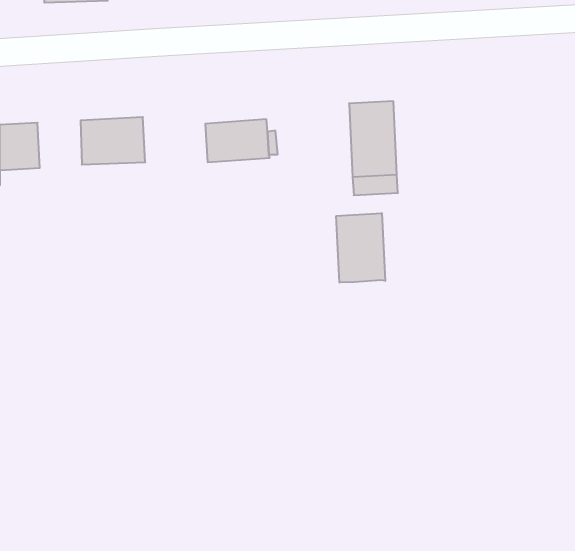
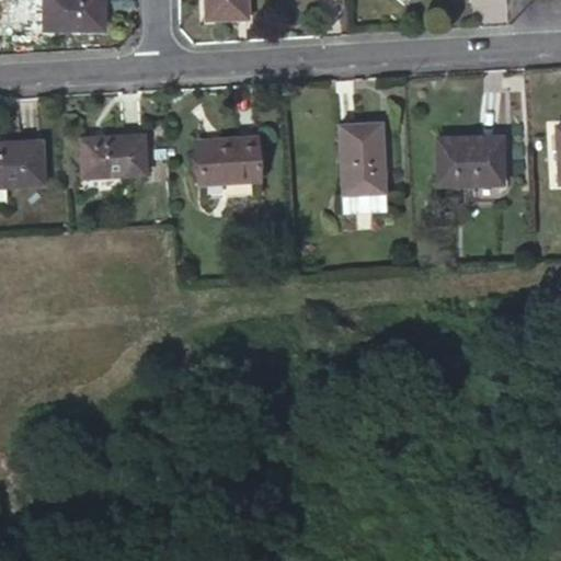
building: none -> [439,135,506,185]
building: [336,213,385,283] -> none

